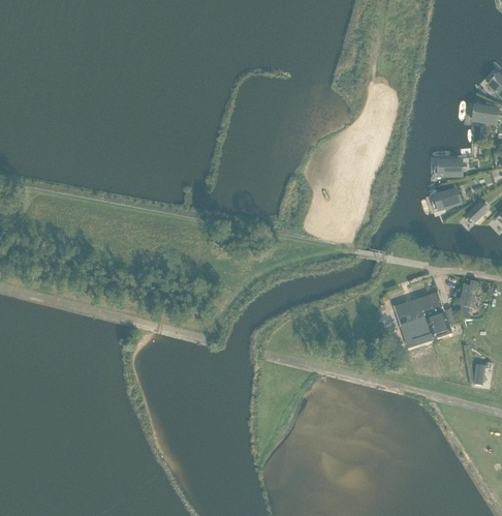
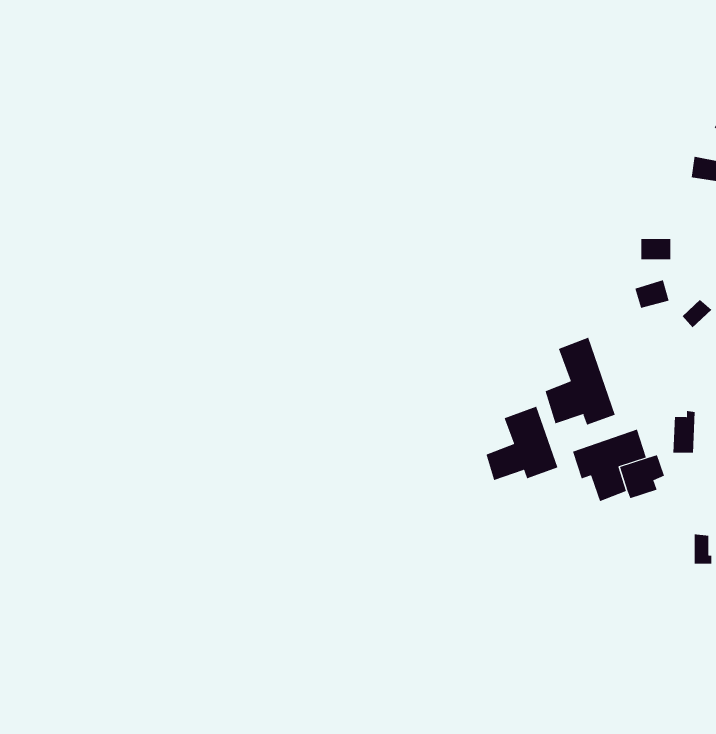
building: none -> [545,337,616,426]
building: none -> [486,406,558,481]

